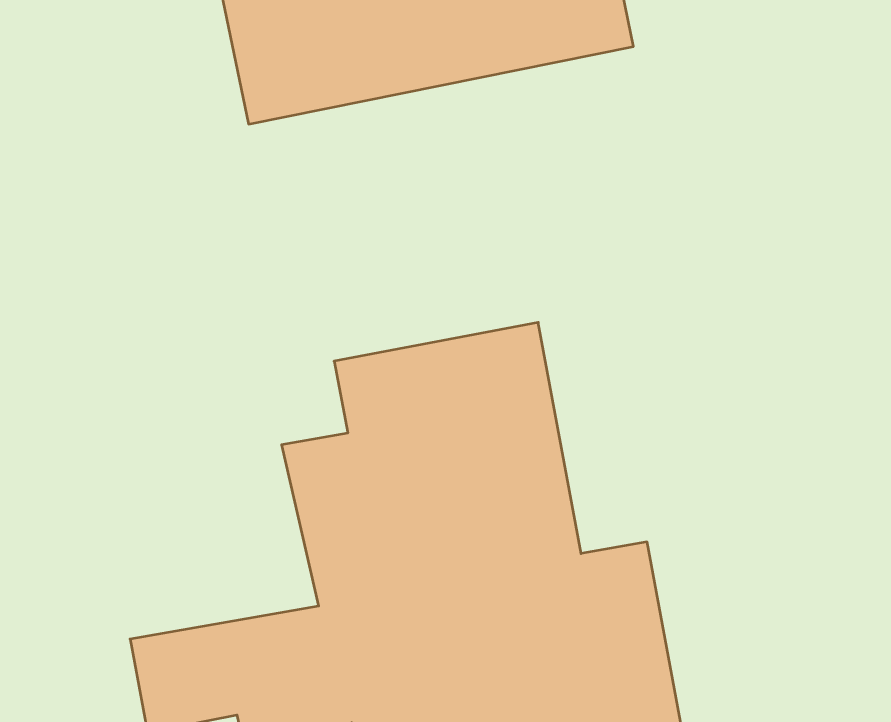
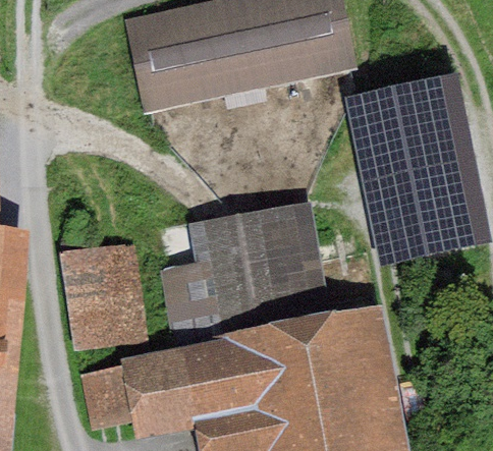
building: none -> [378,88,479,252]
building: none -> [58,238,155,349]

